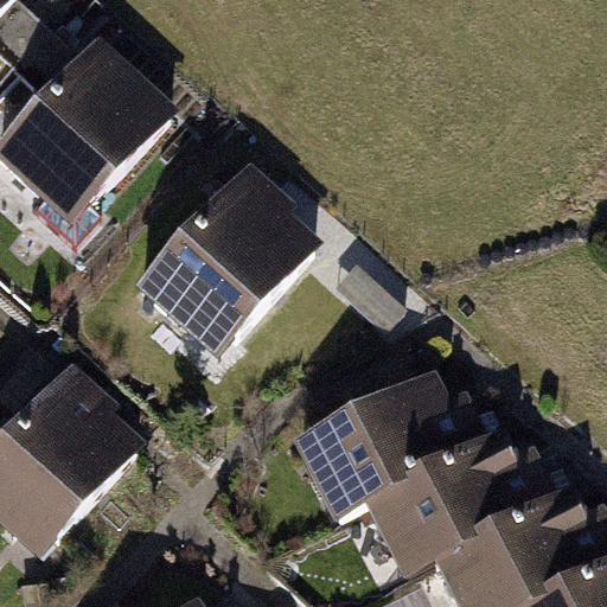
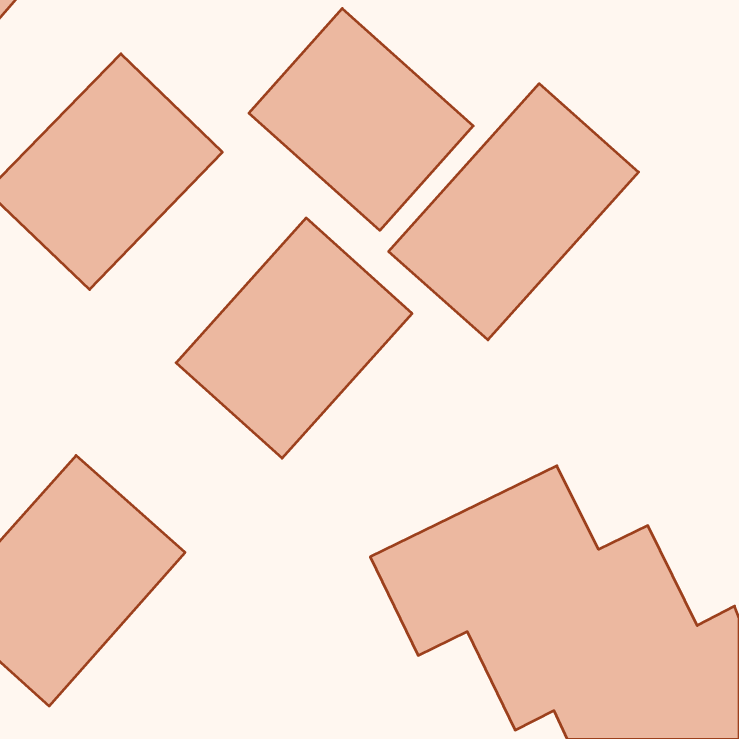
building: none -> [249,8,473,230]
building: none -> [389,84,639,340]

